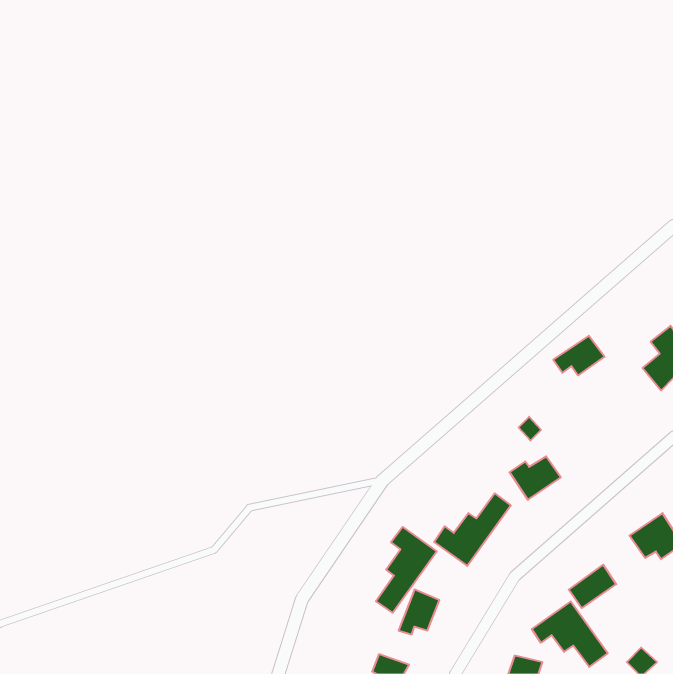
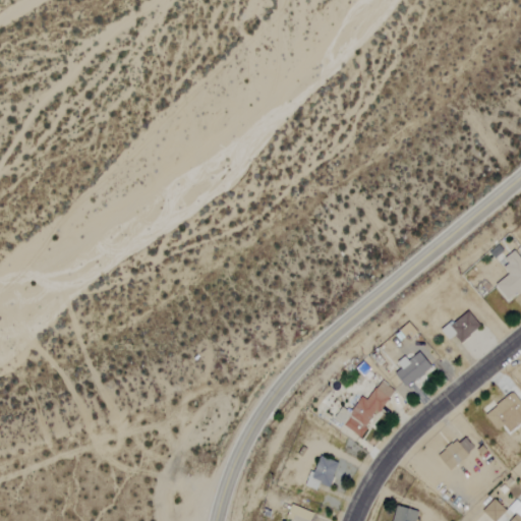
building: [553,336,605,375] -> [443,311,482,342]
building: [376,527,437,613] -> none
building: [532,601,608,667] -> none

